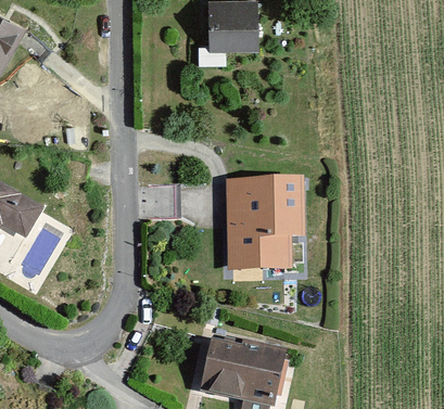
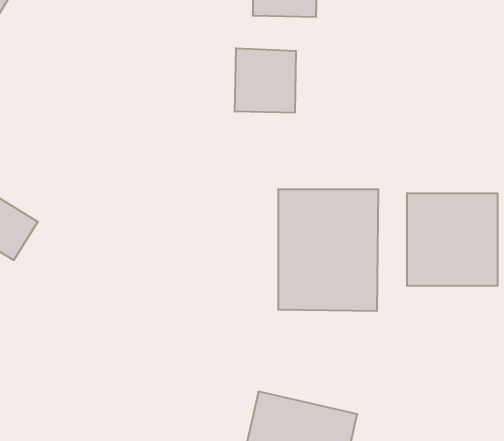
building: none -> [235,48,296,113]
building: none -> [407,193,497,286]

